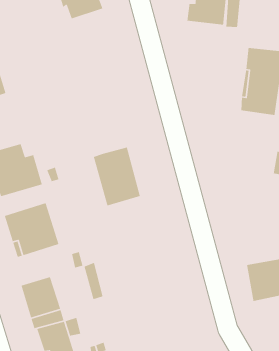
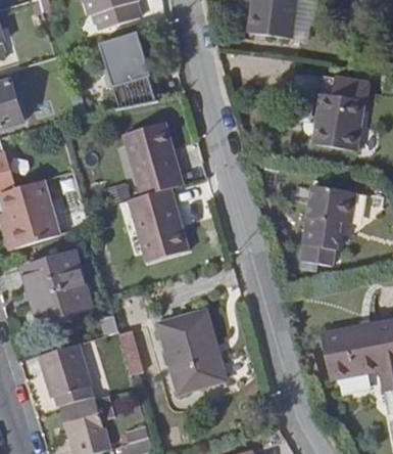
building: none -> [98,33,159,109]
building: none -> [125,120,183,194]
building: none -> [300,183,353,264]
building: none -> [160,314,226,391]

